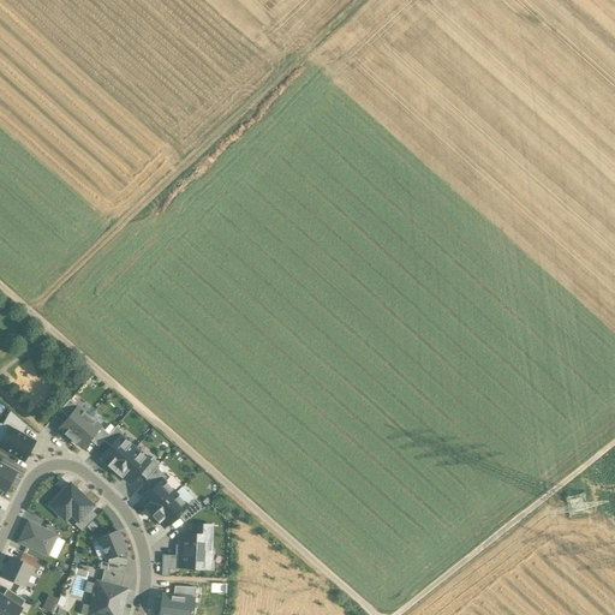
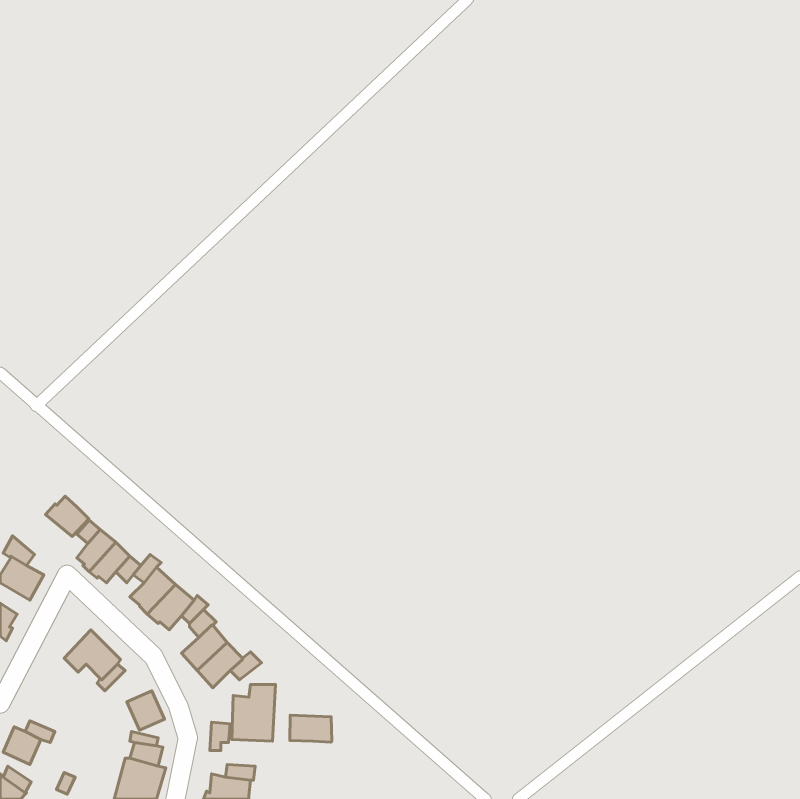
building: none -> [46,496,89,537]
building: [18,521,56,555] -> none
building: none -> [290,715,332,742]

